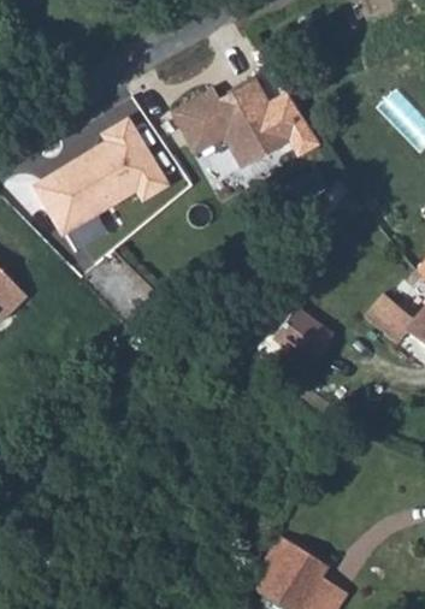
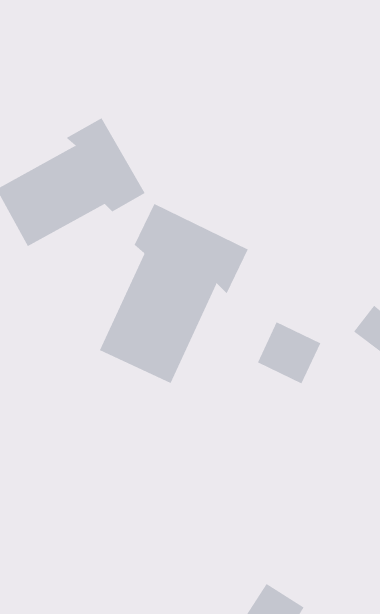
building: [179,76,324,160] -> none
building: none -> [99,203,249,384]

